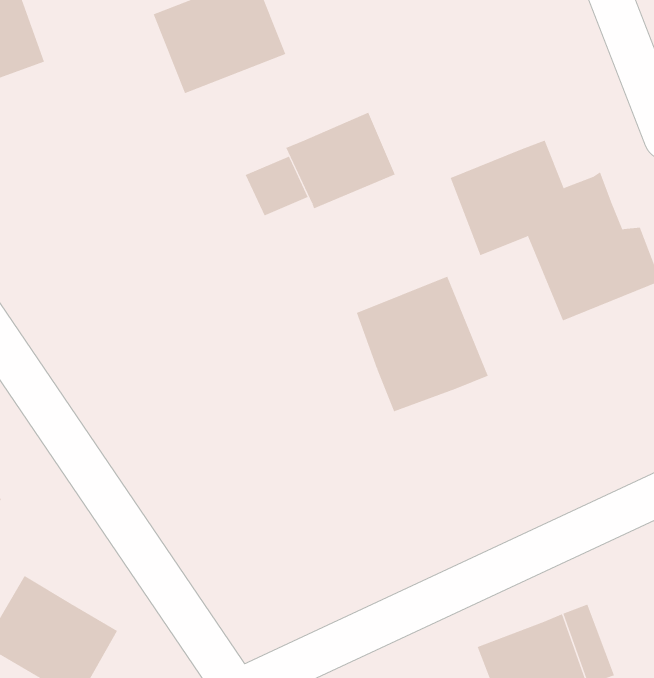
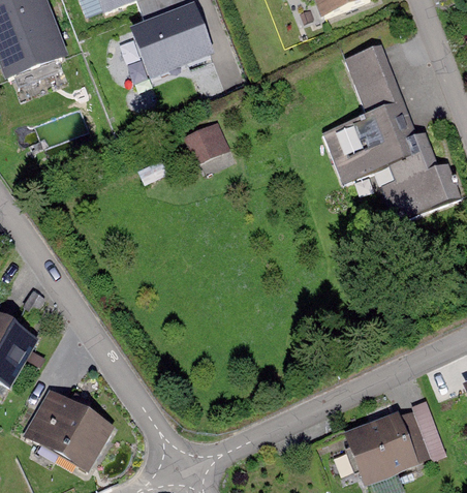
building: none -> [347,41,418,136]
building: [285,112,396,209] -> none
building: [356,276,489,412] -> none

